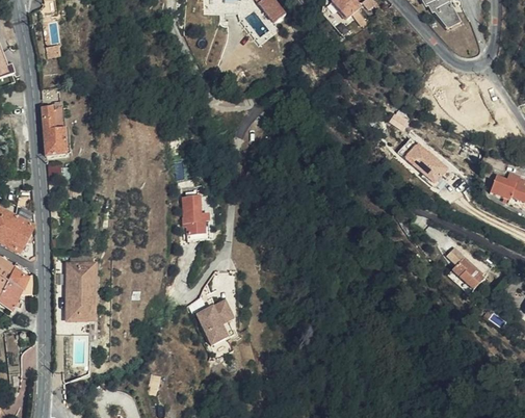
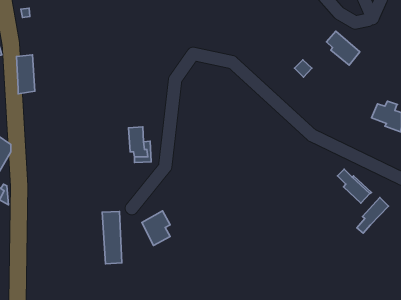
building: [406,142,448,185] -> [327,31,360,65]
building: [67,252,91,317] -> [102,211,122,264]
building: none -> [357,198,389,233]

